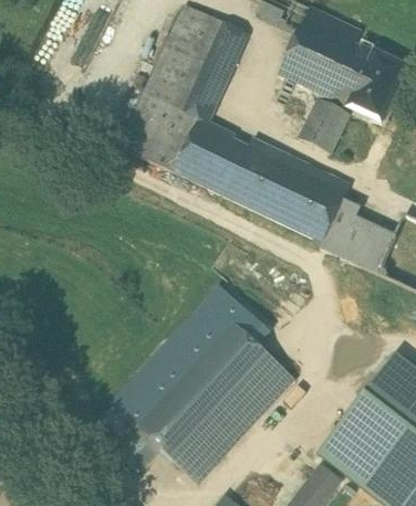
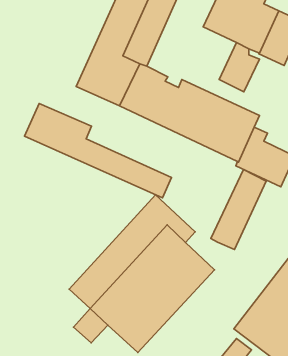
building: none -> [24,104,172,198]
building: none -> [211,169,266,249]

